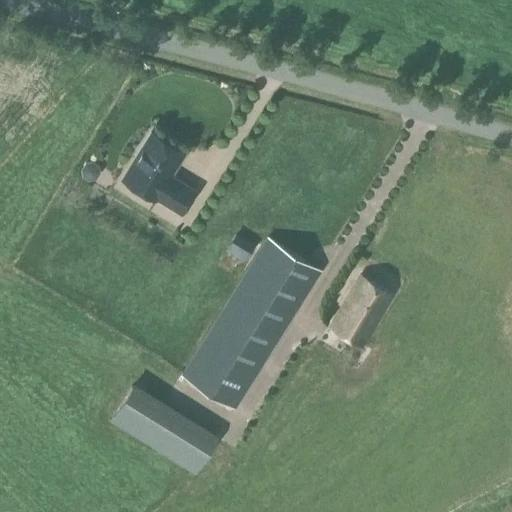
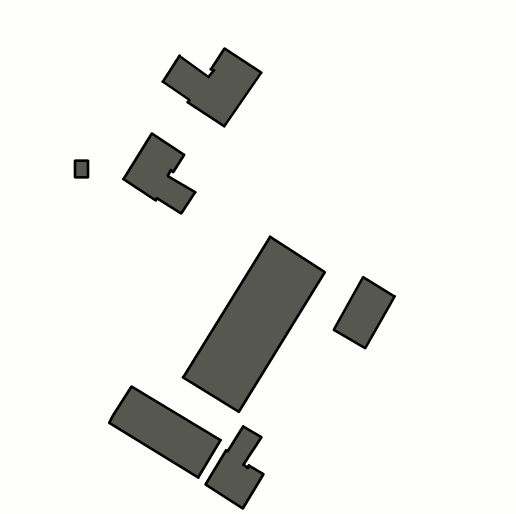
building: none -> [163,49,261,126]
building: none -> [206,426,263,508]

